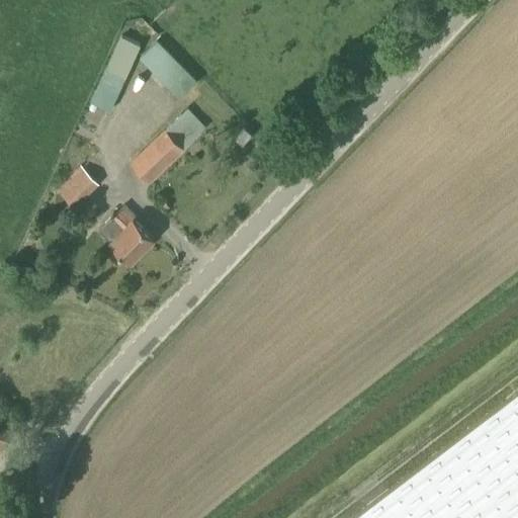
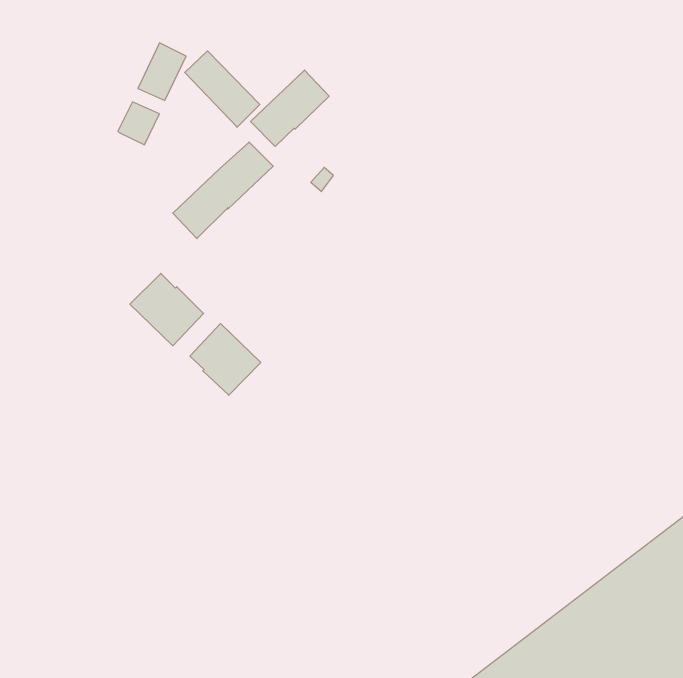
building: none -> [251,70,329,146]
building: [60,172,98,211] -> none
building: none -> [190,324,261,395]

